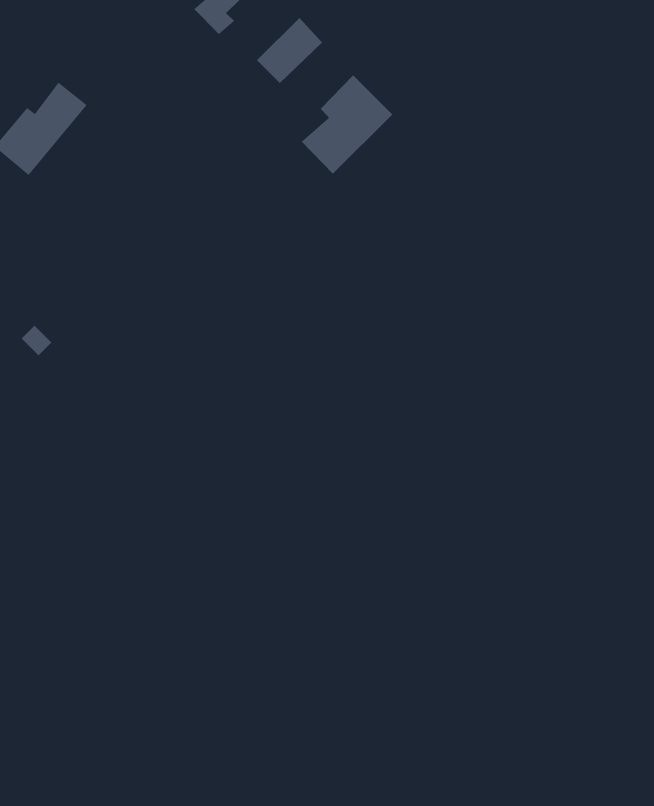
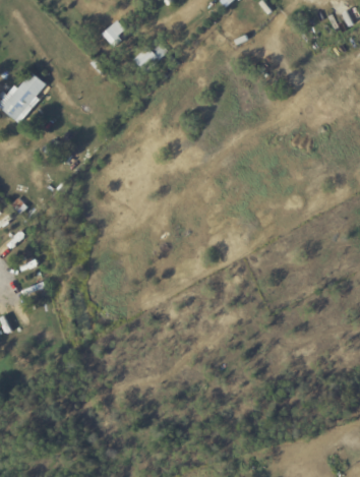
building: [301,75,393,175] -> none

